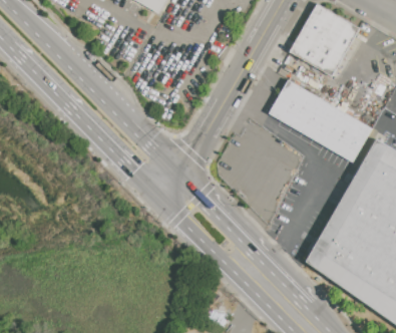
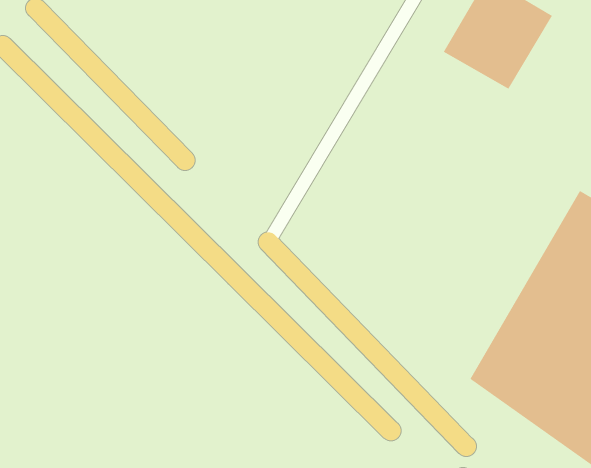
building: [268,79,371,162] -> none

